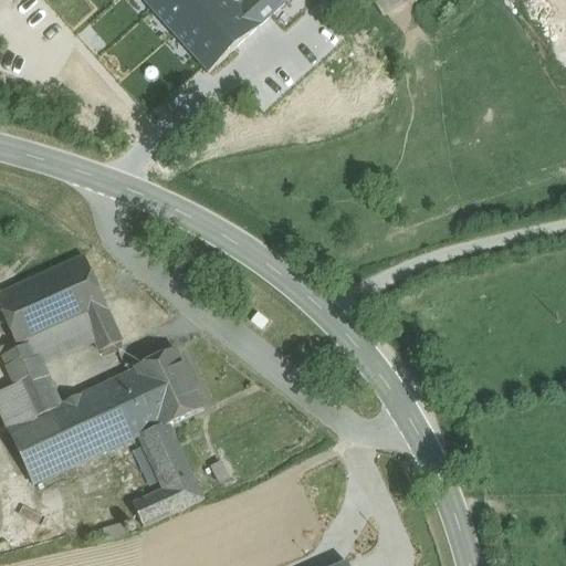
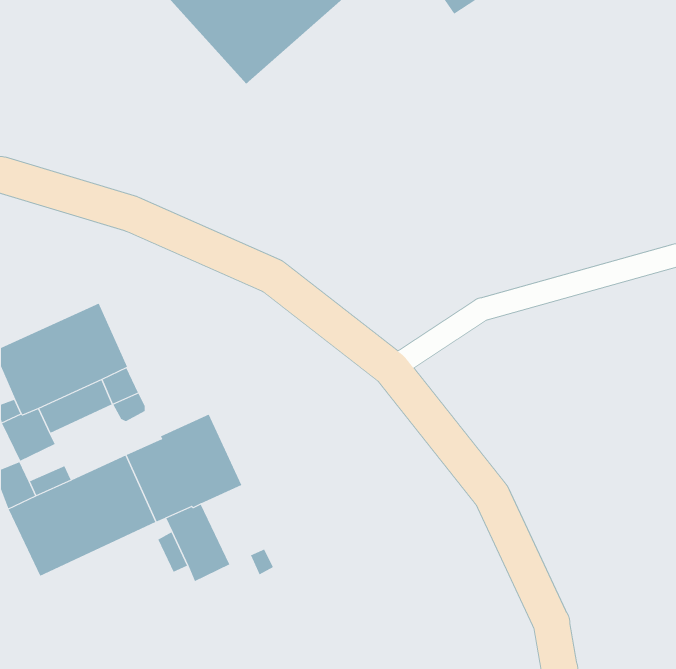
building: [17,371,54,402] -> none
building: [133,472,203,524] -> none

